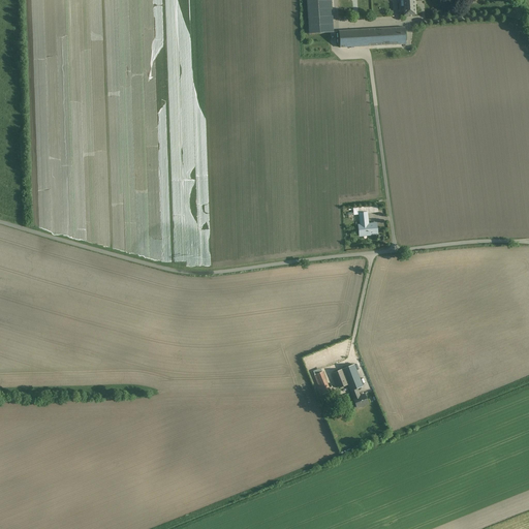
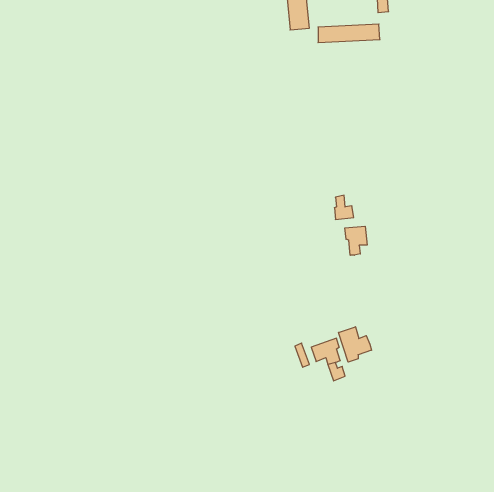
building: none -> [345,226,367,255]
building: none -> [339,327,372,362]

